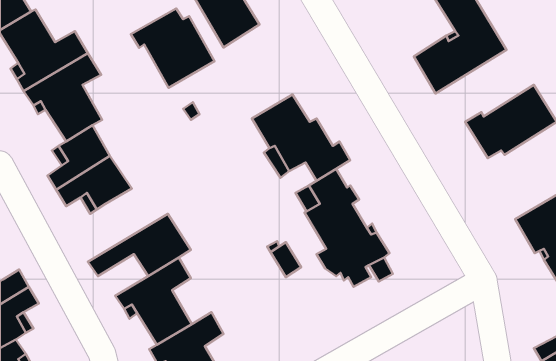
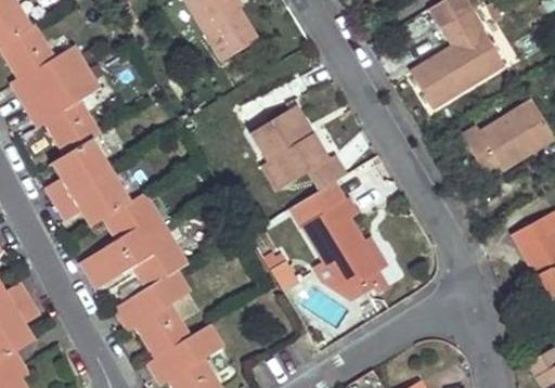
building: [131,9,215,88] -> none
building: none -> [80,192,167,274]

